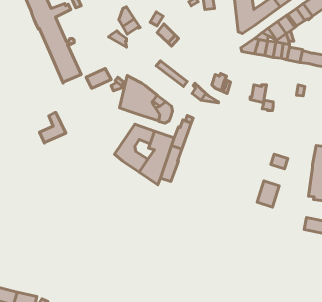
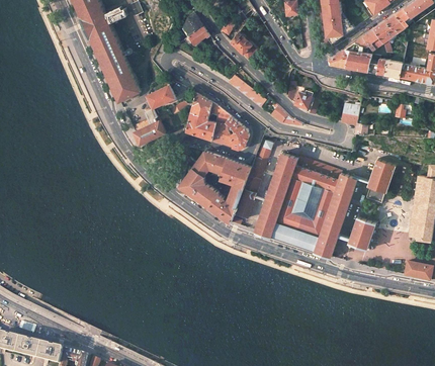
building: [40,112,66,143] -> [134,108,165,145]
building: none -> [254,154,356,258]
building: none -> [367,160,395,192]

